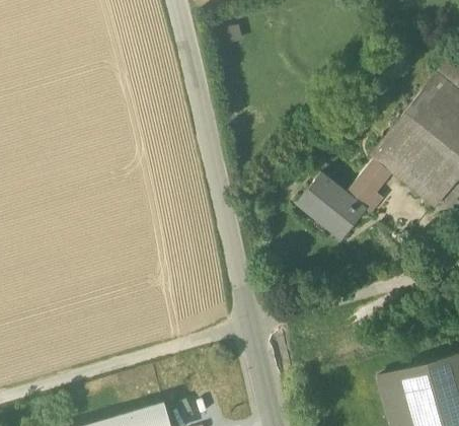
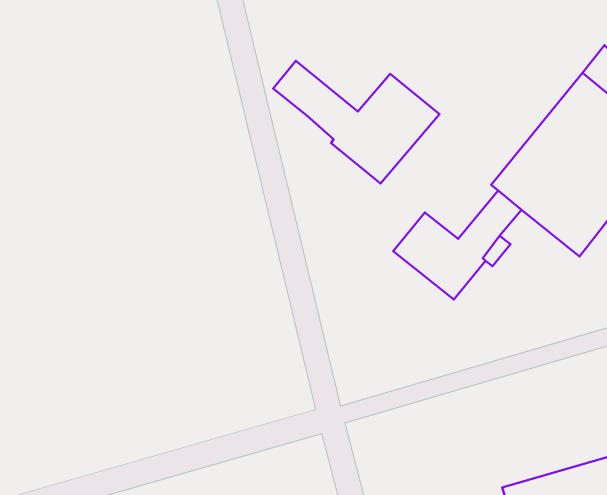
building: none -> [273,61,439,184]

